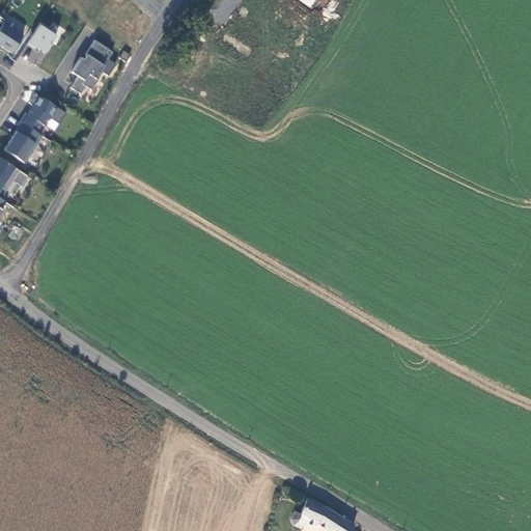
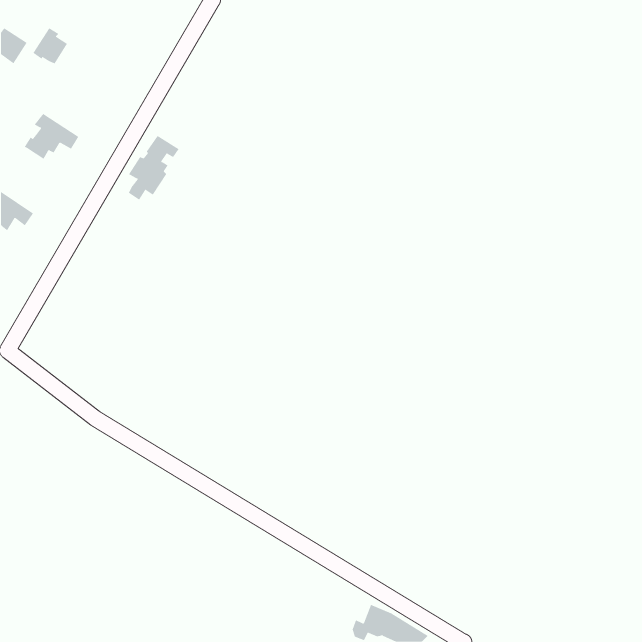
building: [71,40,113,94] -> [128,135,180,201]
building: [4,122,43,163] -> none

